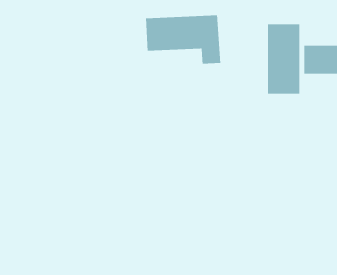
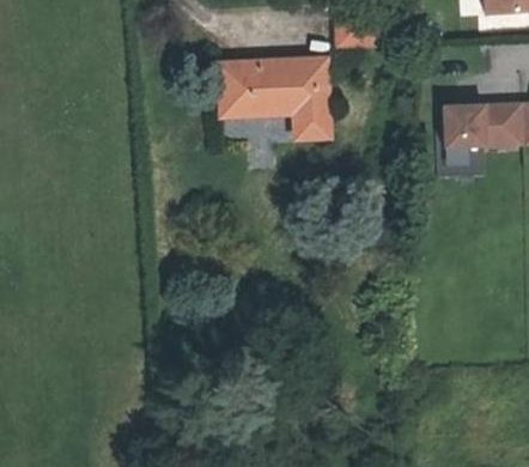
building: [267,24,300,94] -> none

